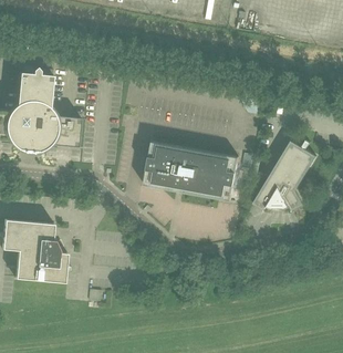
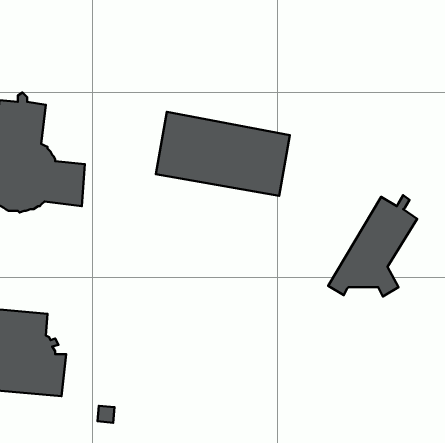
building: [143,141,238,200] -> [156,112,290,196]

